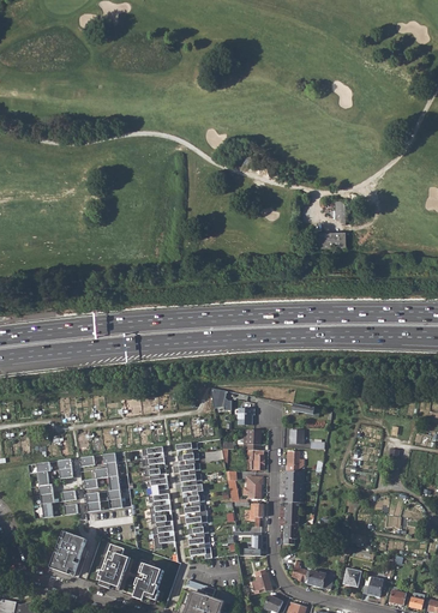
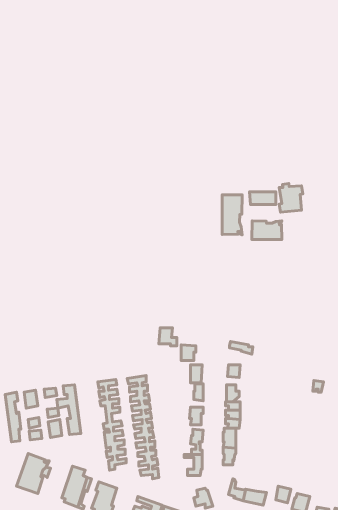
building: none -> [279,184,303,212]
building: none -> [222,195,242,235]
building: none -> [252,221,282,240]

